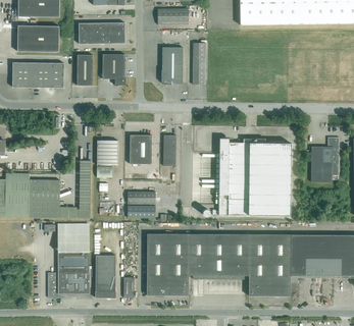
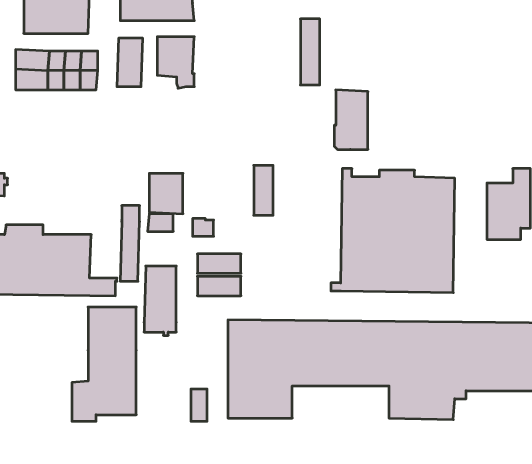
building: [161,47,183,85] -> [334,90,368,149]
building: [130,134,152,164] -> none
building: [95,256,115,300] -> [144,266,176,335]

